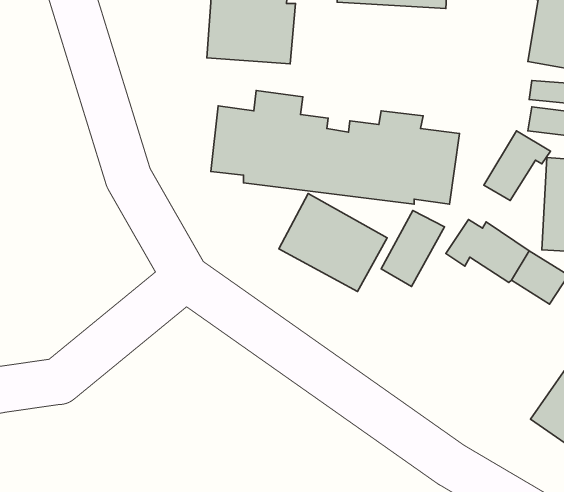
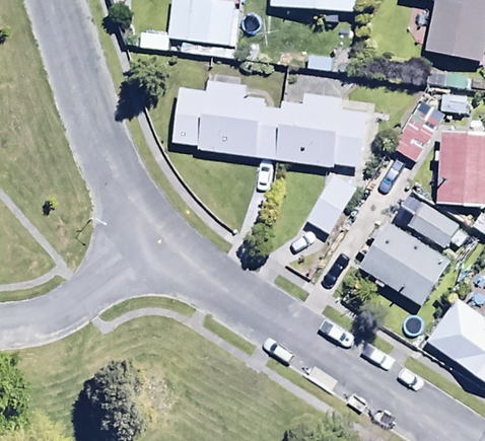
building: [279,194,387,291] -> none
building: none -> [358,221,449,308]

